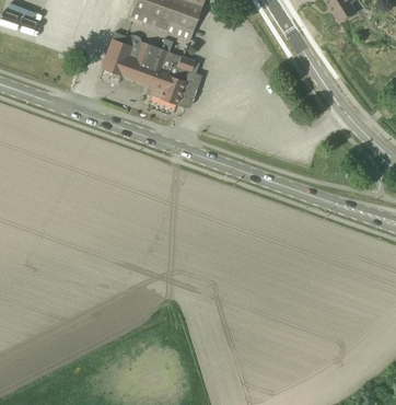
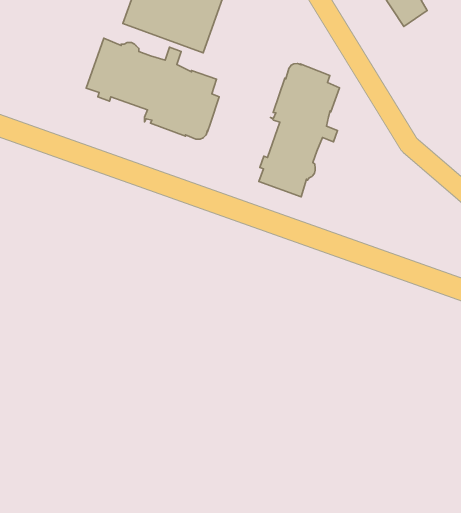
building: none -> [259,63,340,197]

